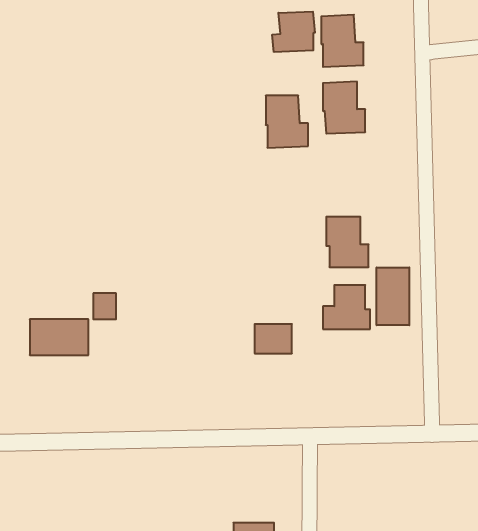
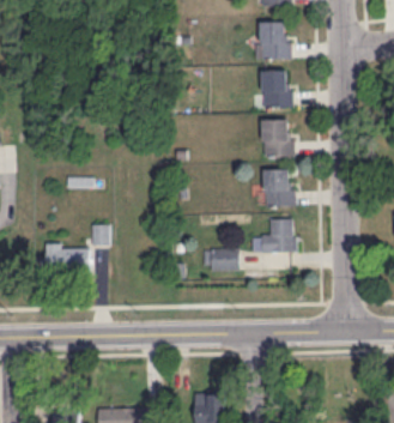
building: [272,12,315,52] -> none
building: [266,96,308,148] -> [262,119,293,157]
building: [377,267,409,325] -> none

